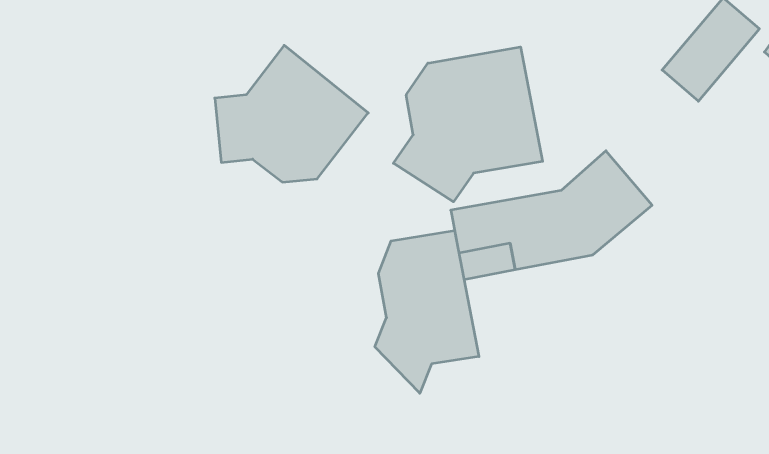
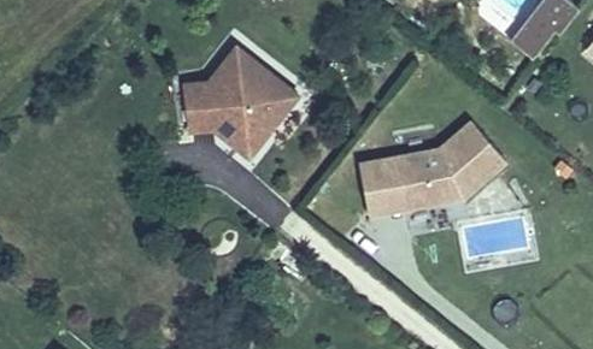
building: [393,47,543,202] -> none
building: [375,230,479,393] -> none

